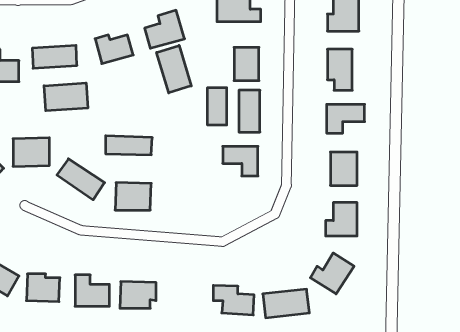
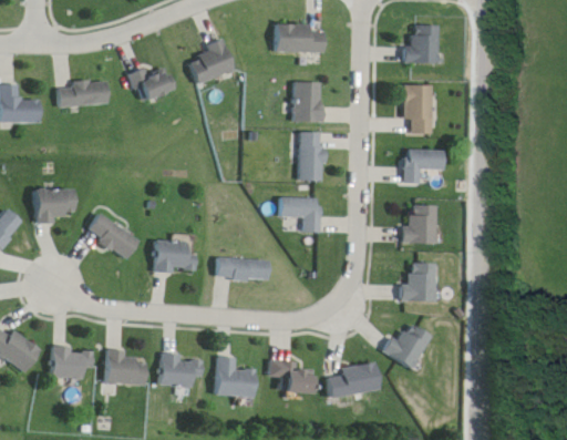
building: [157,45,191,93] -> none
building: [44,83,88,111] -> none
building: [208,88,227,125] -> none
building: [106,136,152,155] -> [216,257,270,279]
building: none -> [216,357,256,397]

